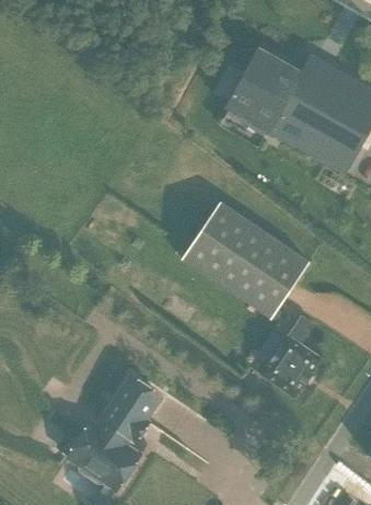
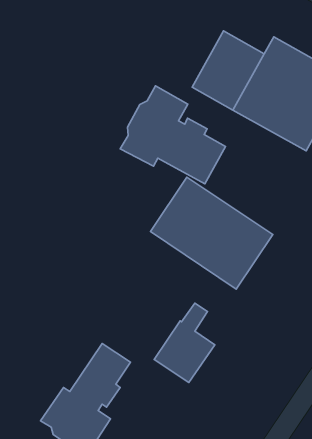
building: none -> [120,86,226,184]
building: [257,313,321,397] -> [154,303,215,383]

